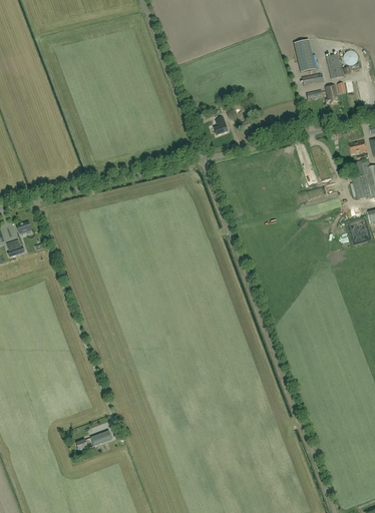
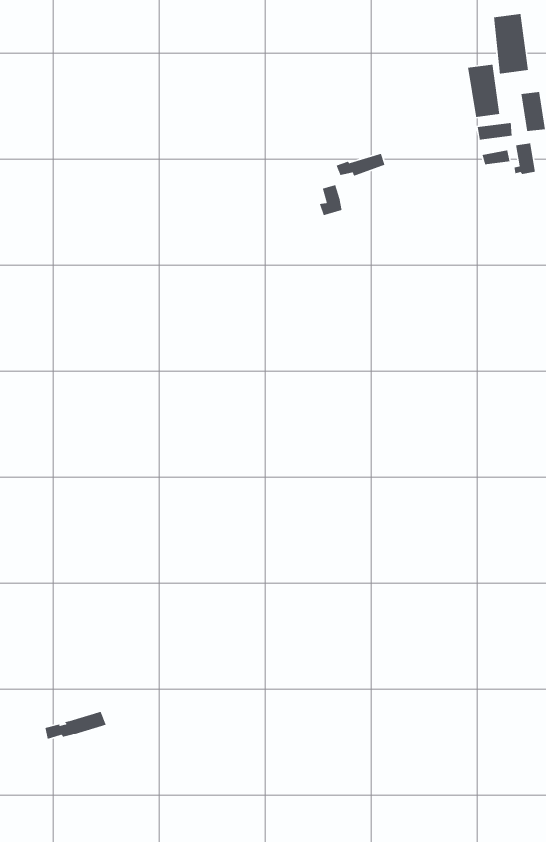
building: none -> [493,13,529,75]

